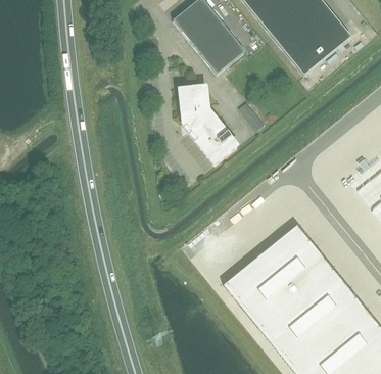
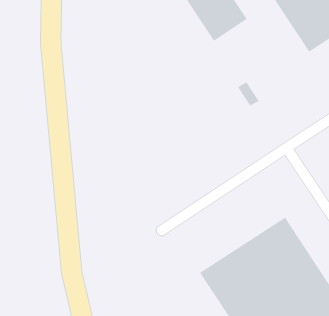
building: [179,86,237,163] -> none

